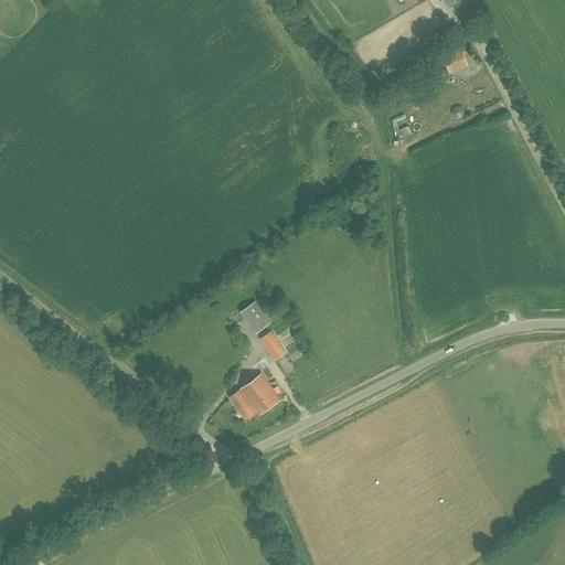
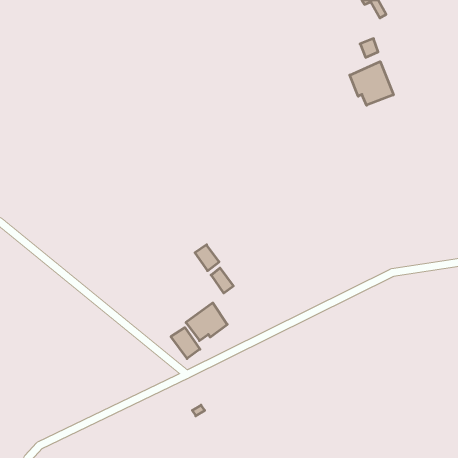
building: none -> [350,62,393,105]
building: none -> [171,328,200,359]

